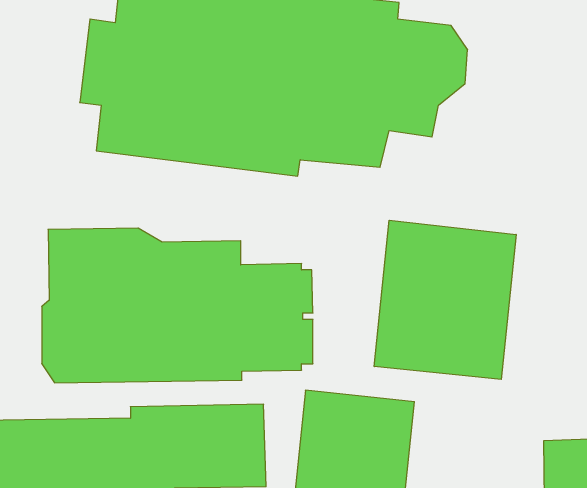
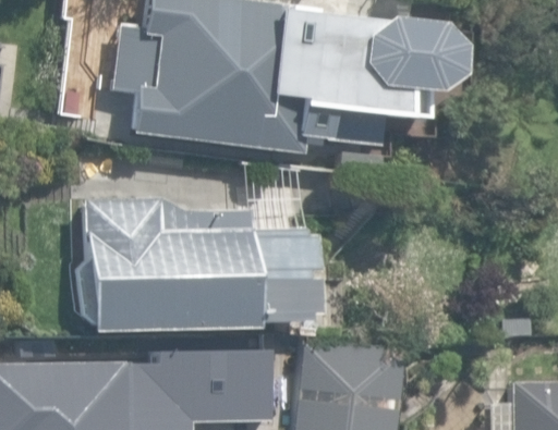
building: [374,220,516,379] -> none

